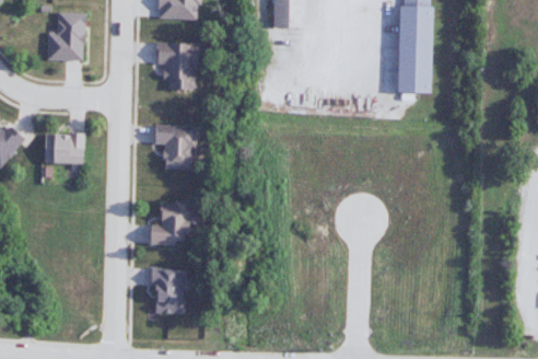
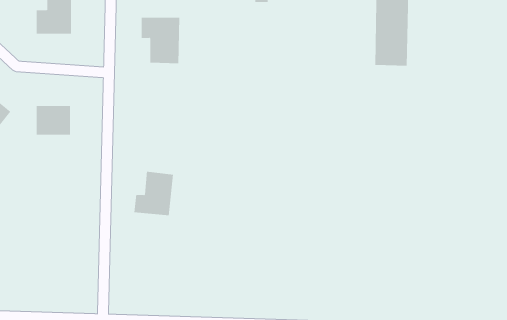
building: [153,126,196,170] -> none
building: [151,269,186,314] -> none

